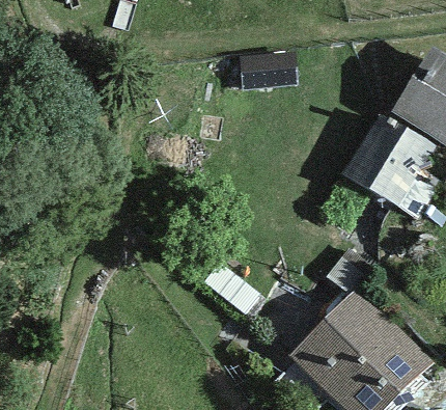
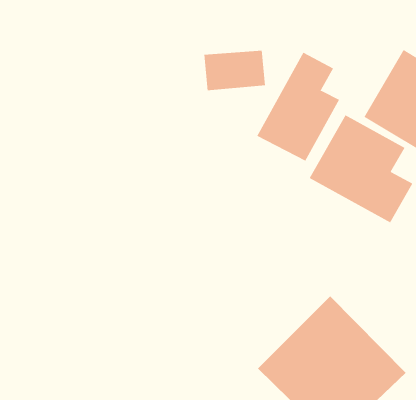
building: none -> [257,52,340,162]

